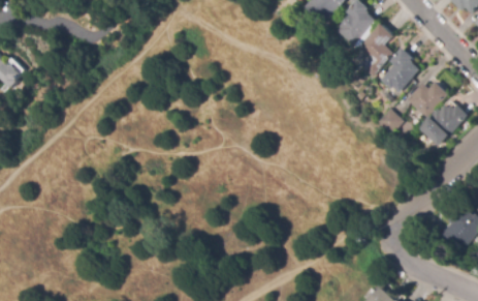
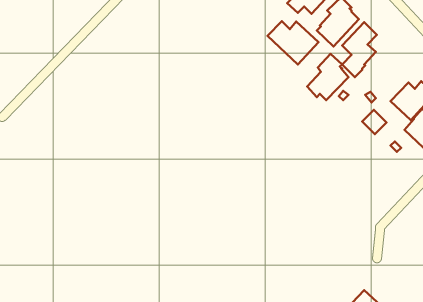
building: none -> [268,21,318,65]
building: [379,47,419,92] -> [307,54,348,100]

